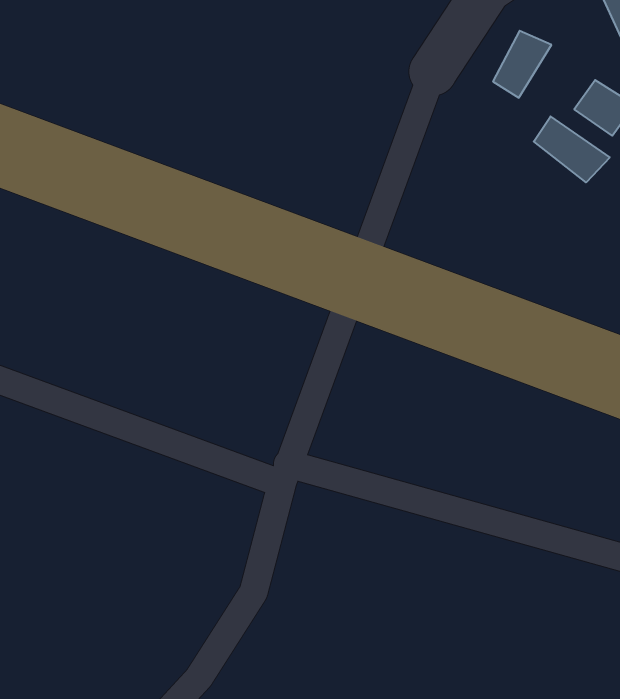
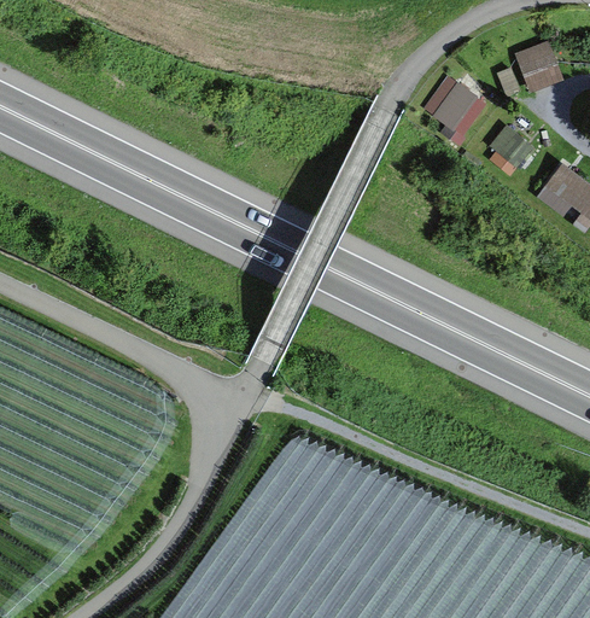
building: [534,116,610,182] -> none

